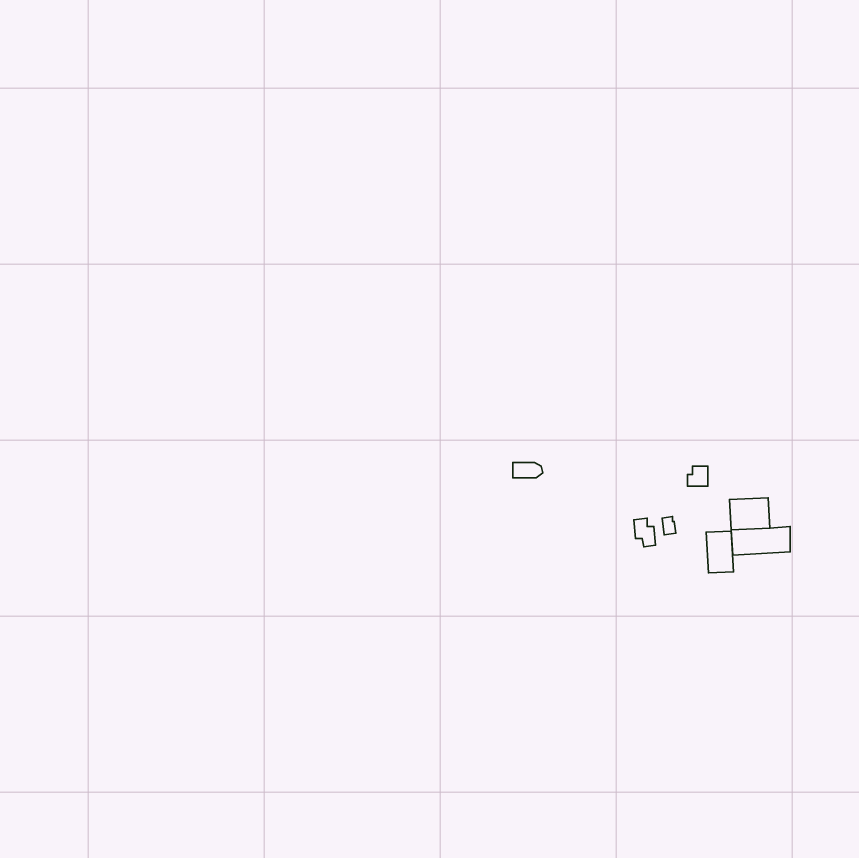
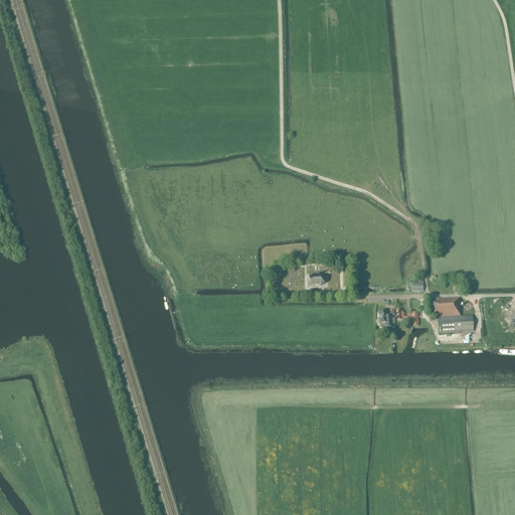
building: [706,531,734,573] -> none

